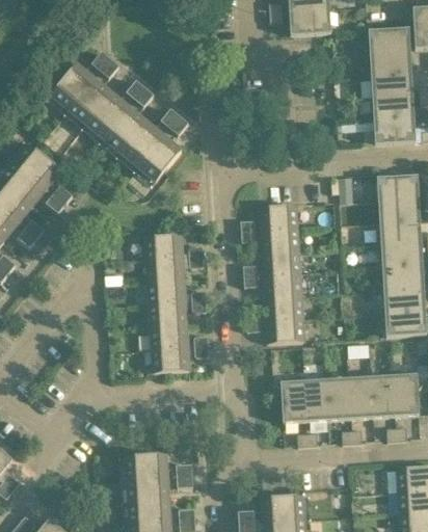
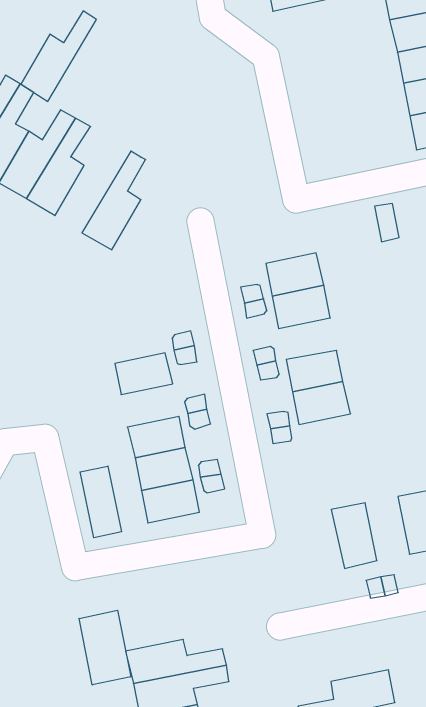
building: [122,109,180,167] -> [21,11,96,101]
building: [146,234,183,260] -> none
building: [263,250,300,274] -> none
building: [149,280,186,304] -> none
building: [267,318,304,343] -> none
building: none -> [80,466,121,538]
building: [304,379,329,421] -> none
building: none -> [79,610,131,685]

